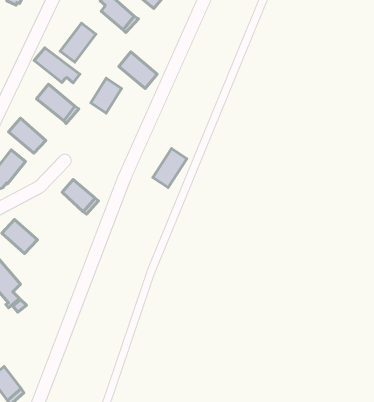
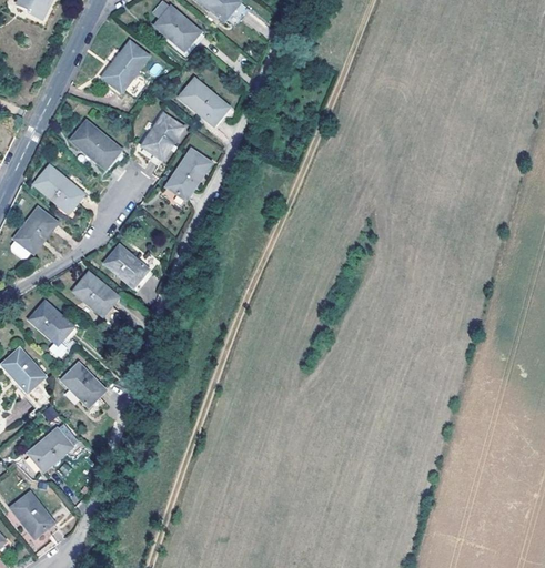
building: [34,48,80,83] -> none
building: [153,149,187,188] -> [165,150,210,201]
building: none -> [72,271,115,313]
building: none -> [61,362,103,405]
building: none -> [28,426,71,467]

